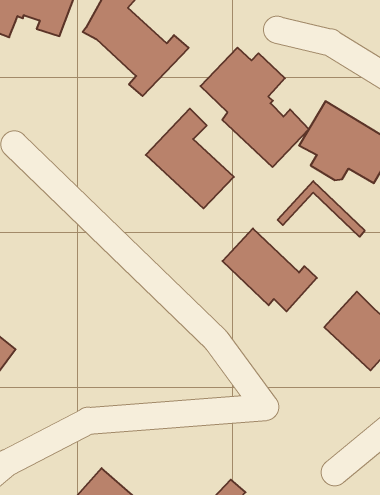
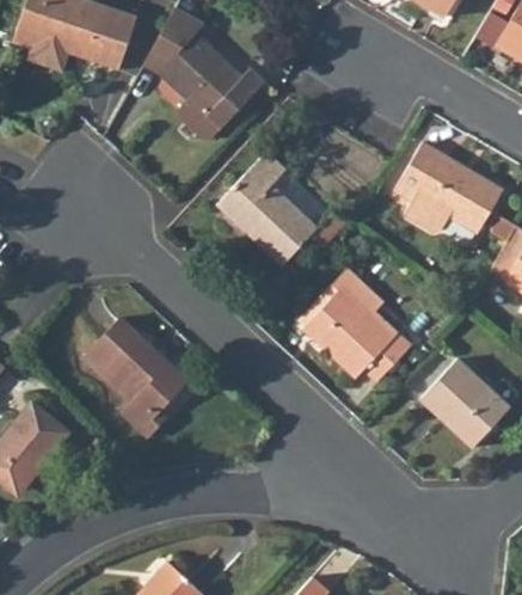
building: [200,48,309,167] -> none
building: [278,181,365,237] -> [299,274,398,337]
building: none -> [82,317,186,437]

